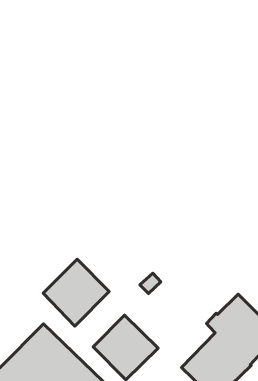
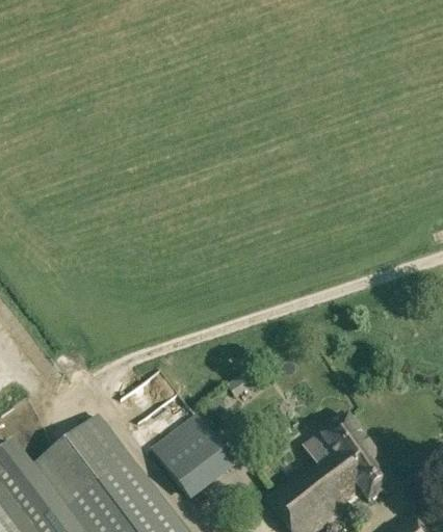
building: [43,259,109,326] -> none

